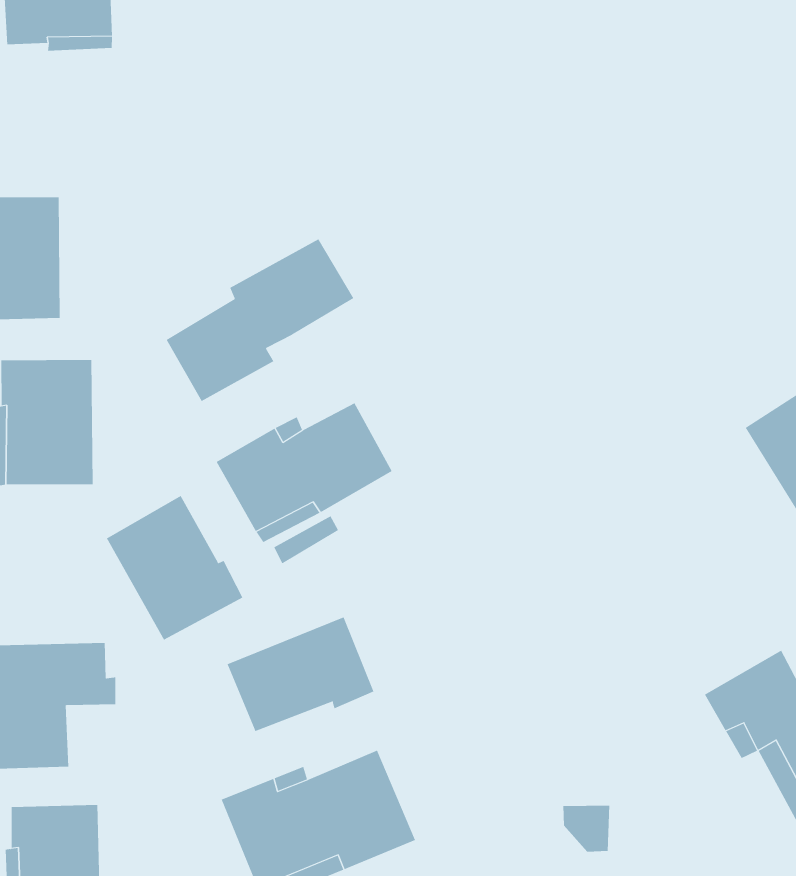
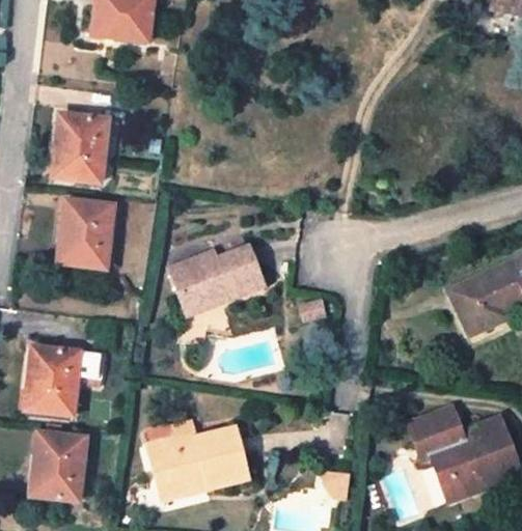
building: [166,238,354,402] -> none
building: [106,495,243,641] -> none
building: [227,617,374,732] -> none

